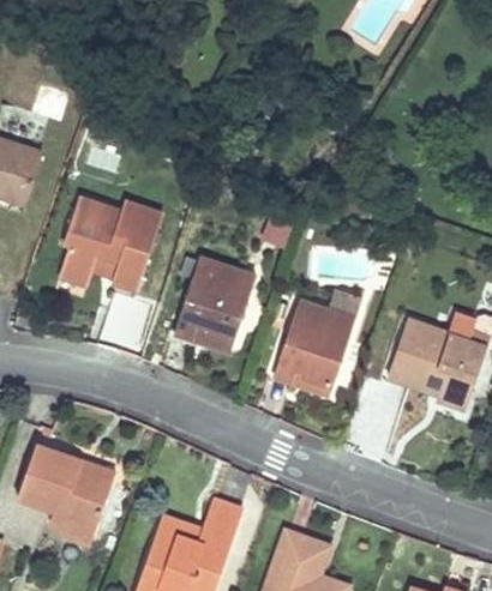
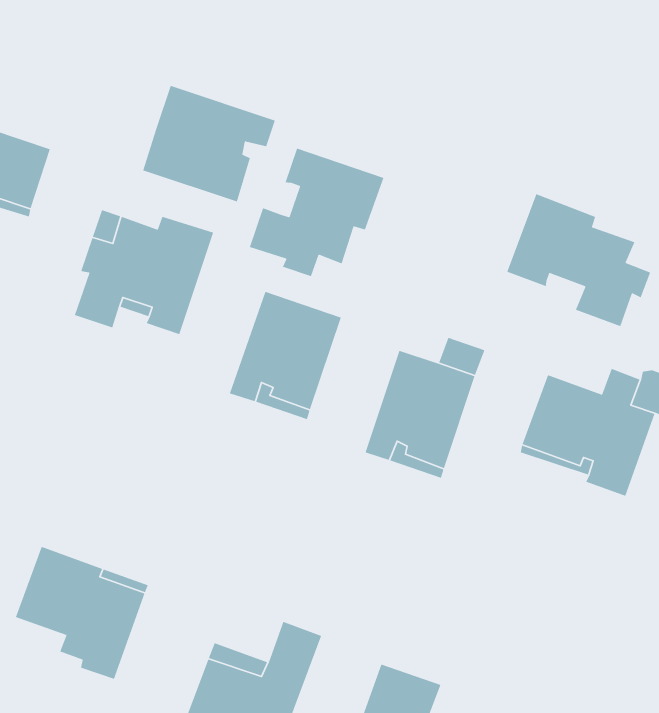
building: none -> [142,85,276,203]
building: none -> [249,148,385,277]
building: none -> [506,193,651,327]

